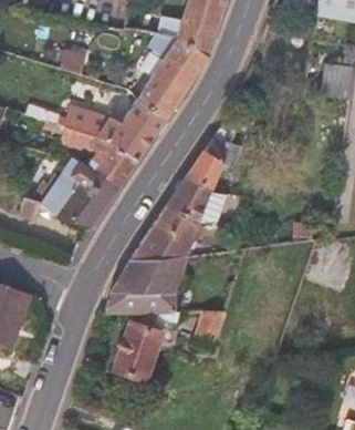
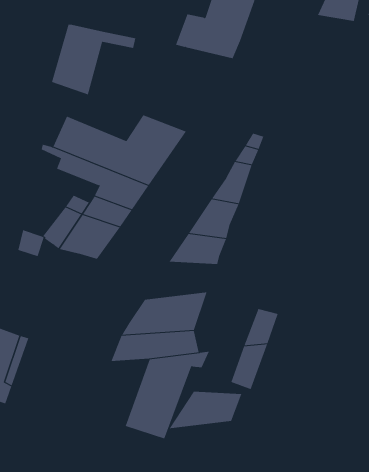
building: [129,44,207,116] -> none
building: [130,228,194,260] -> [169,391,242,429]

